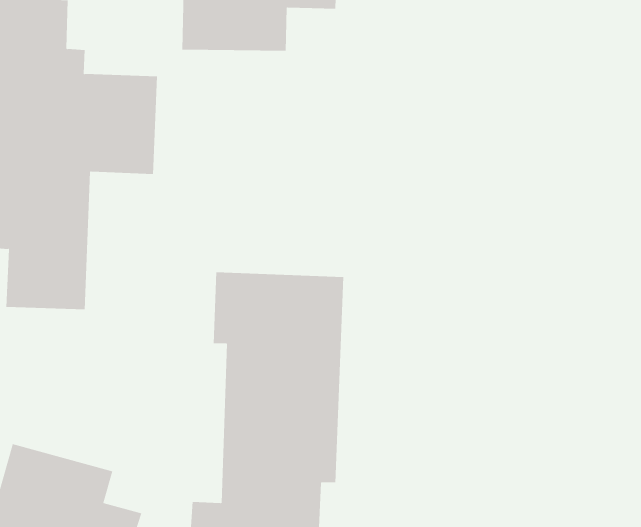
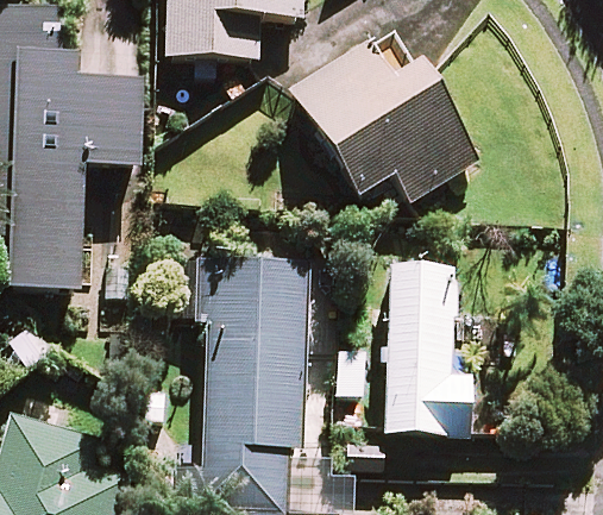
building: none -> [290,36,480,201]
building: none -> [384,262,479,435]

